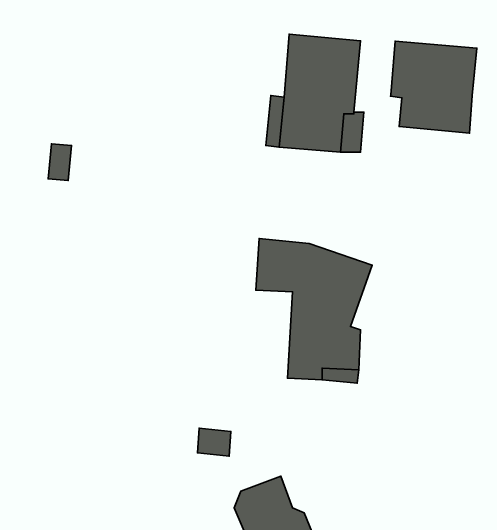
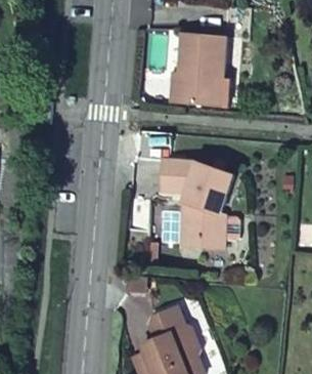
building: [391,41,477,133] -> none

